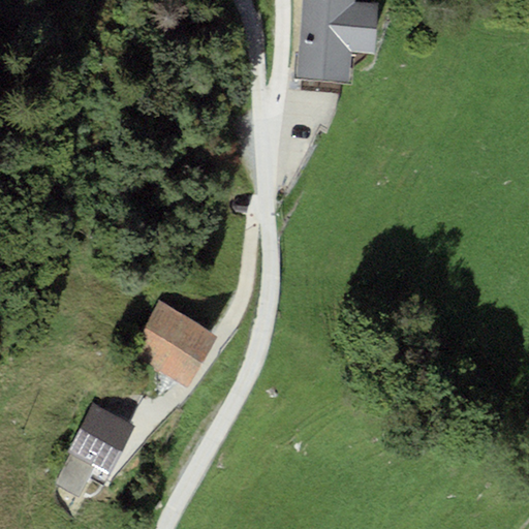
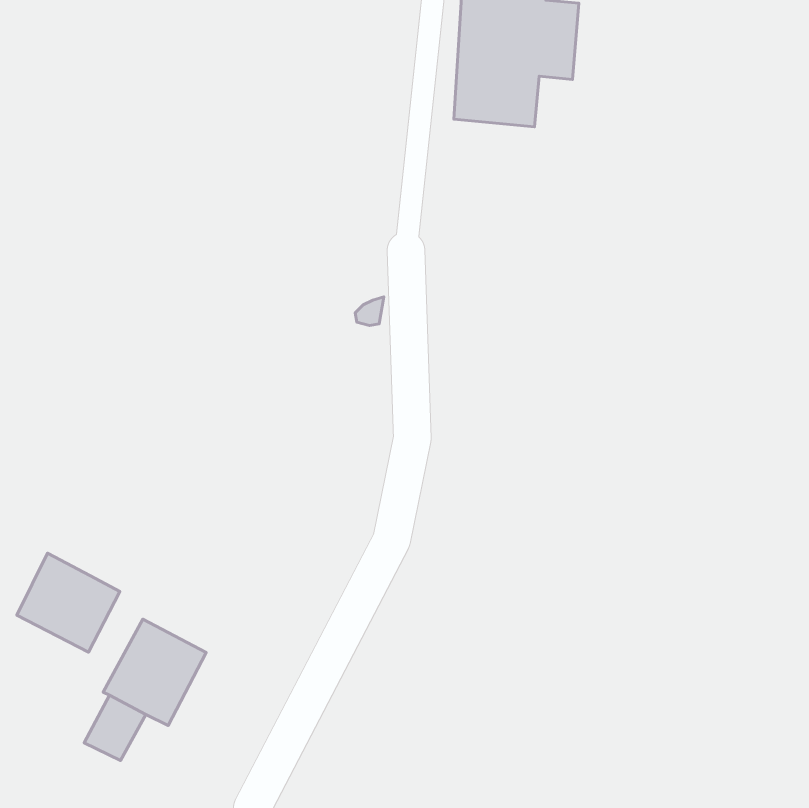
building: [128,299,218,386] -> none
building: none -> [17,553,120,652]

